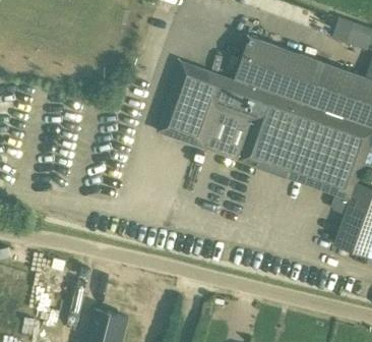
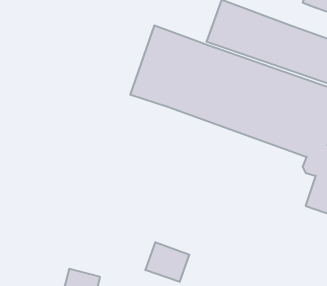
building: none -> [145,242,189,282]

